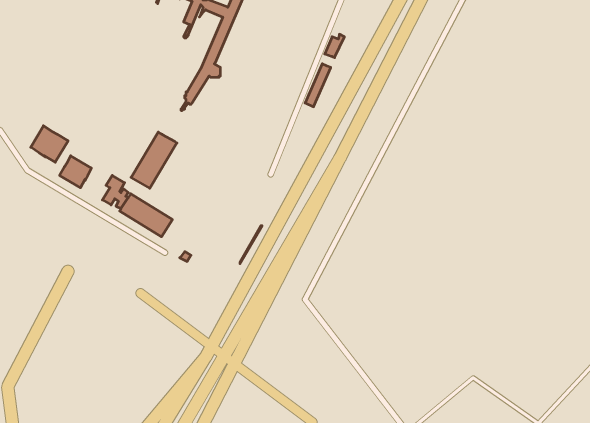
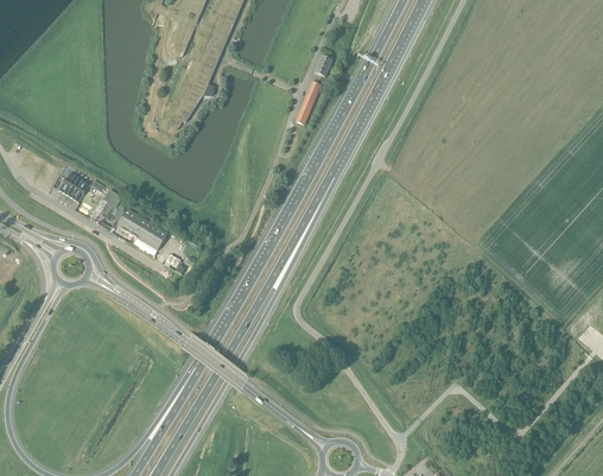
building: [31,126,68,162] -> none
building: [131,132,177,188] -> none

